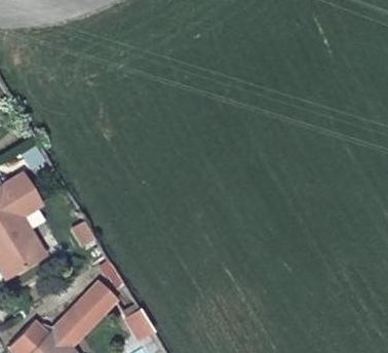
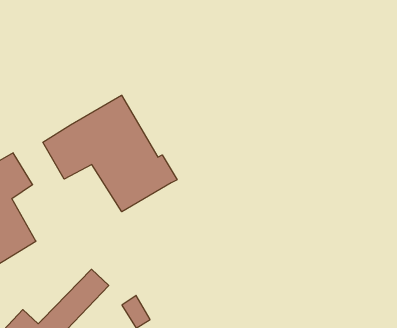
building: none -> [43,95,177,212]

